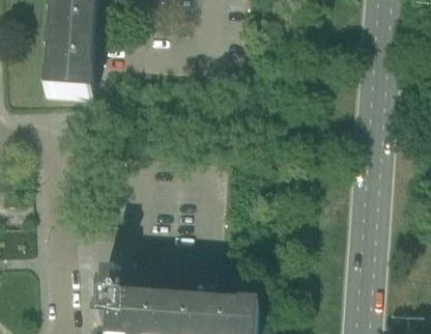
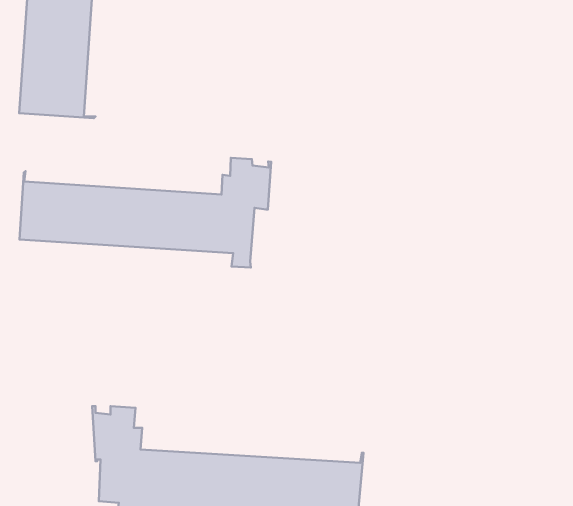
building: none -> [19,158,271,268]

